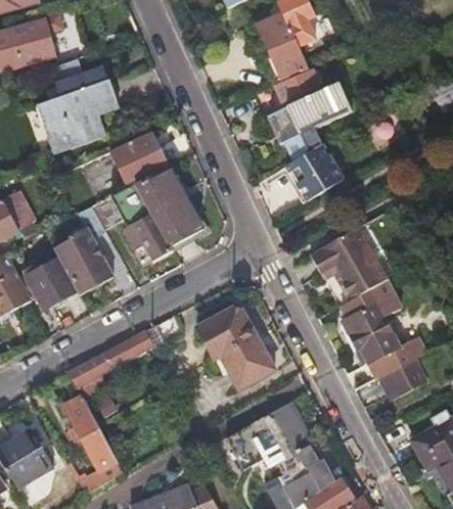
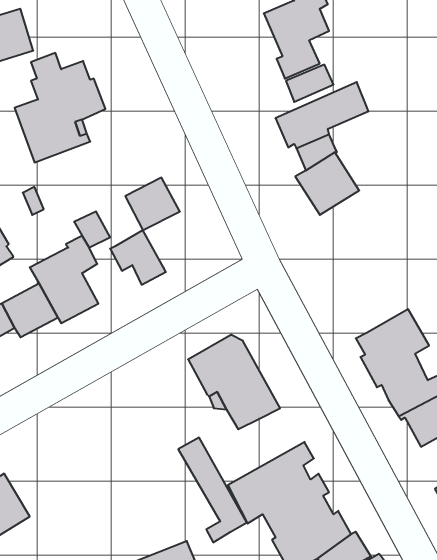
building: [110,132,168,187] -> none
building: [151,196,201,245] -> none
building: [308,230,384,303] -> none
building: [67,326,162,390] -> none
building: [61,398,122,490] -> [178,438,247,542]

